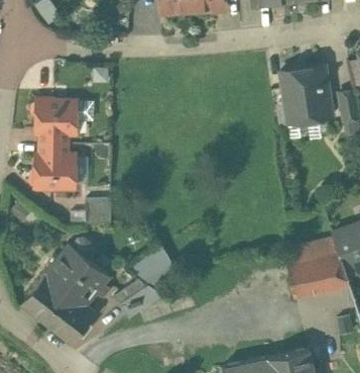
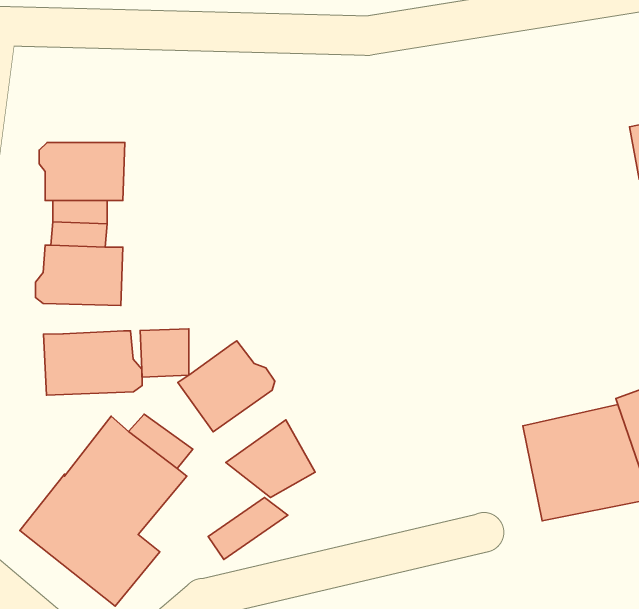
building: [279,65,332,123] -> none
building: none -> [44,331,142,395]
building: none -> [178,341,275,432]

